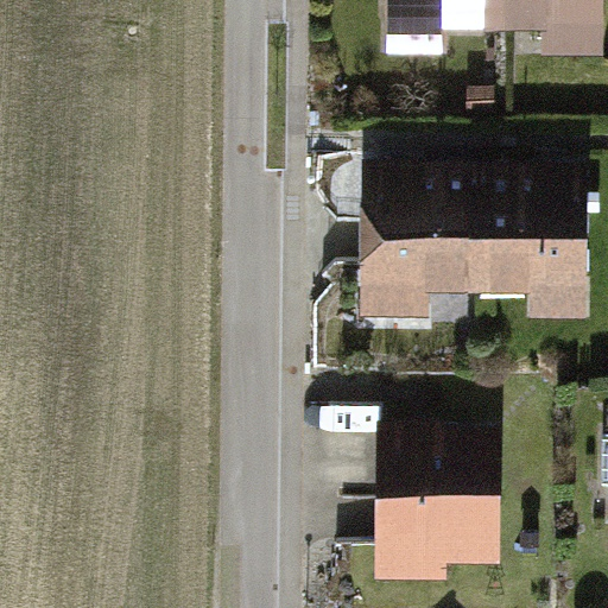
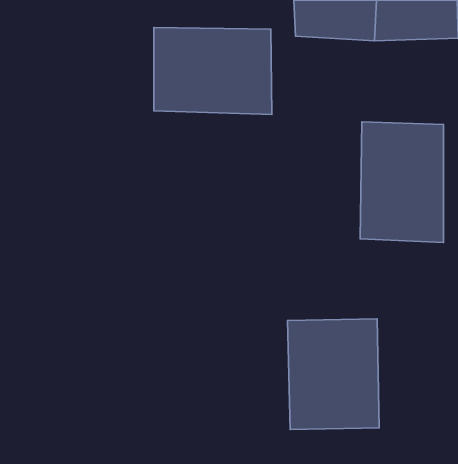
building: none -> [154,27,272,115]
building: [362,159,474,312] -> none

